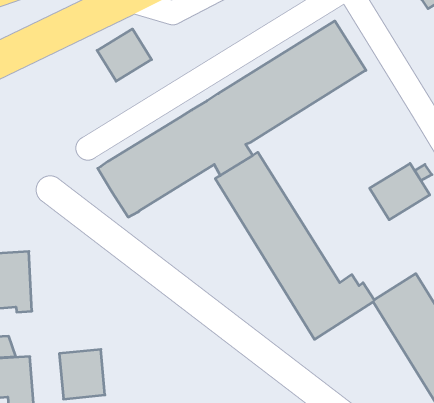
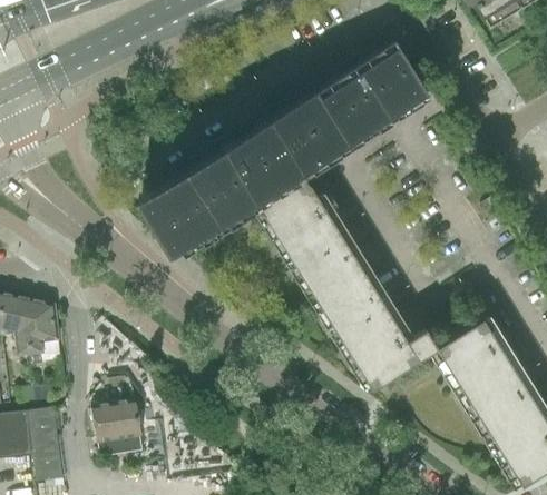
building: [97,29,152,81] -> none
building: [370,163,430,220] -> none

